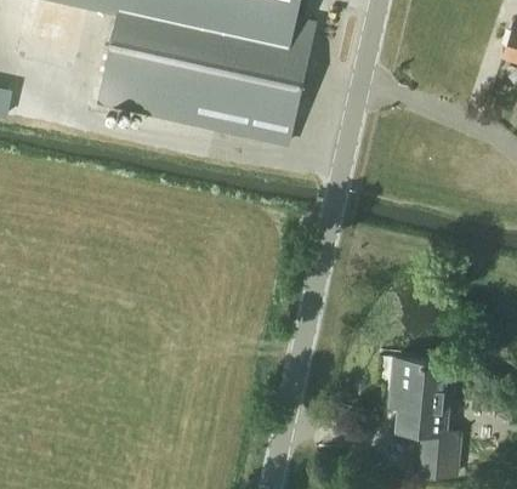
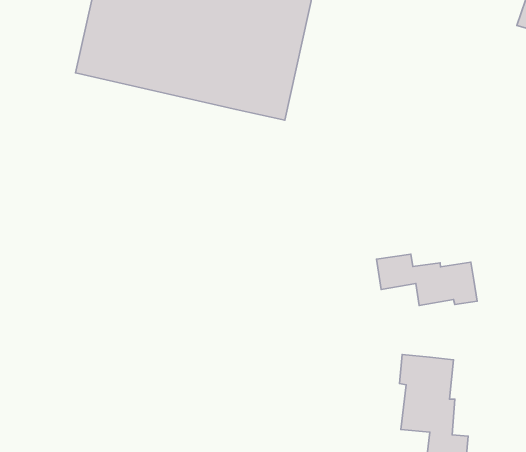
building: none -> [377,254,477,306]

